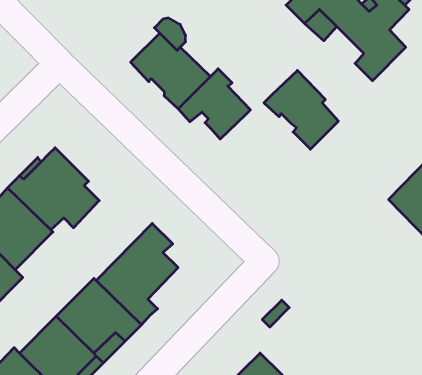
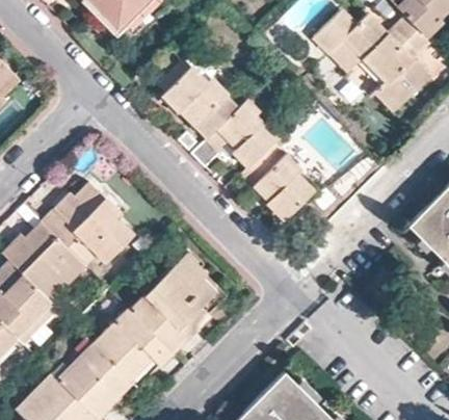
building: [264,70,338,149] -> [241,147,313,222]
building: none -> [179,271,227,334]

